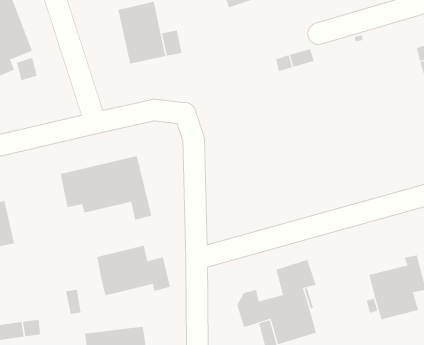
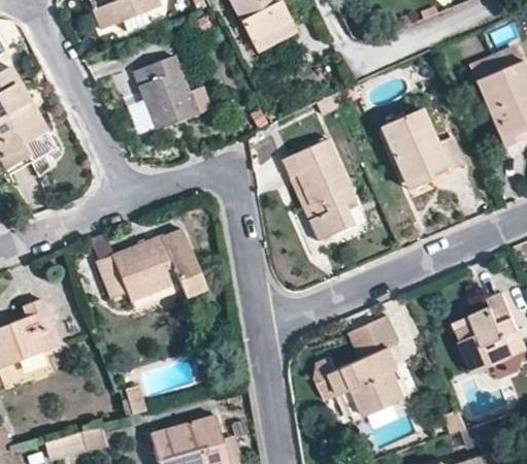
building: none -> [380,109,462,186]
building: none -> [282,138,363,239]
building: [97,245,170,296] -> none

